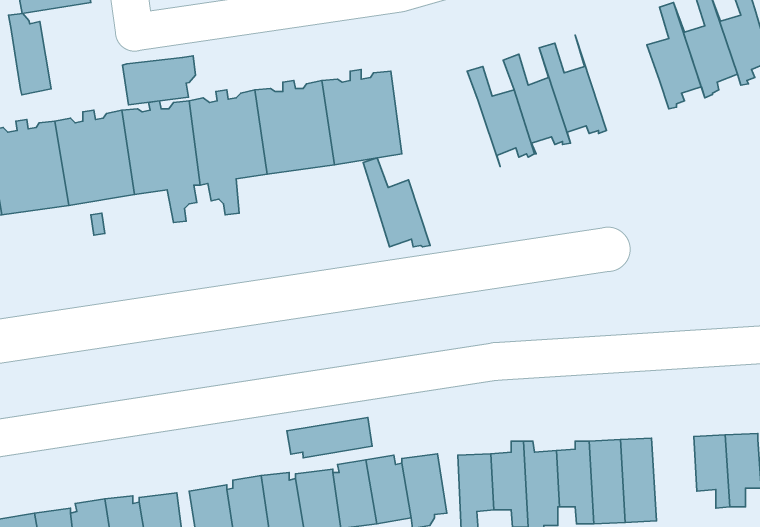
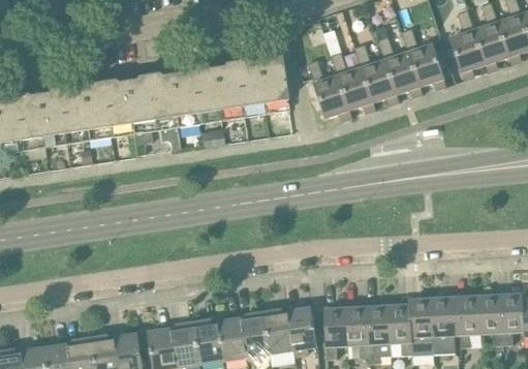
building: [8,13,51,95] -> none
building: none -> [403,27,447,93]
building: [122,56,195,105] -> none
building: [363,158,430,247] -> [309,59,353,118]
building: [287,417,372,458] -> none
building: none -> [459,296,484,345]

